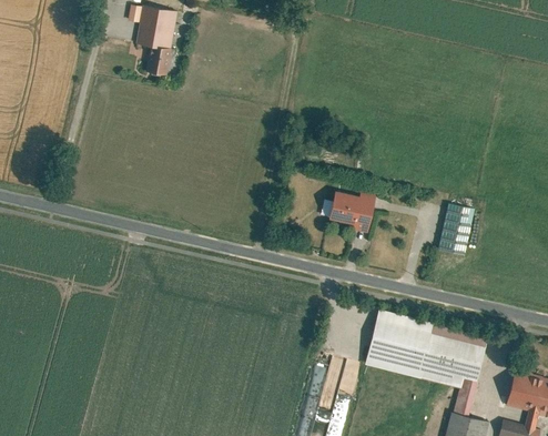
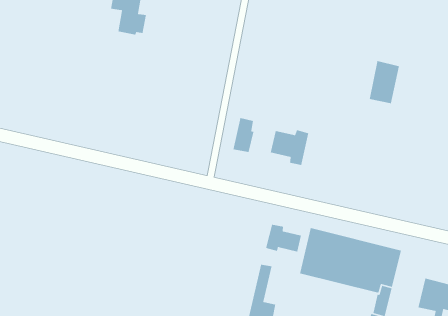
building: none -> [233,117,255,153]
building: [437,204,475,257] -> [369,60,400,104]
building: none -> [265,224,302,252]

